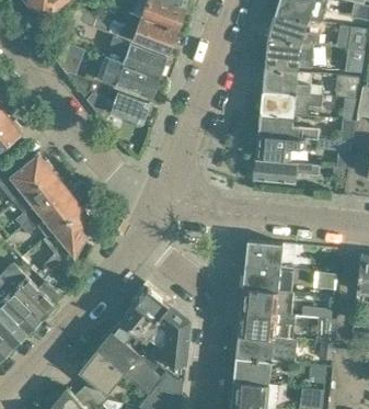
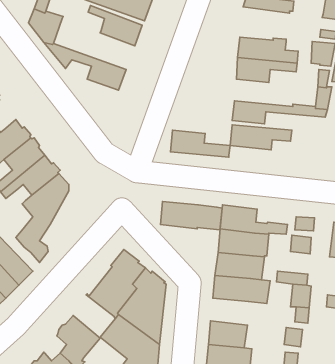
building: [264,39,314,73] -> none
building: [97,58,158,100] -> none
building: [258,113,319,140] -> [170,130,230,157]
building: [95,331,138,374] -> none
building: [234,334,297,363] -> [160,202,222,230]

